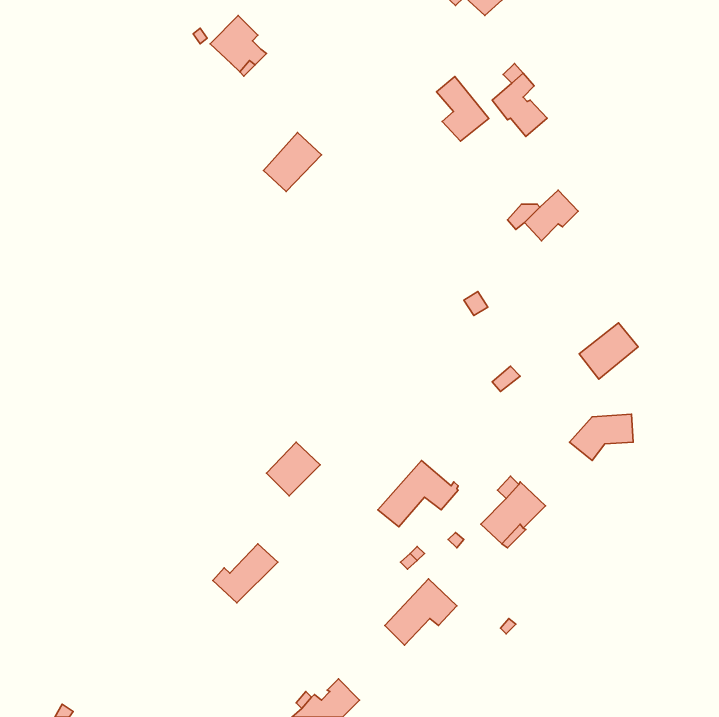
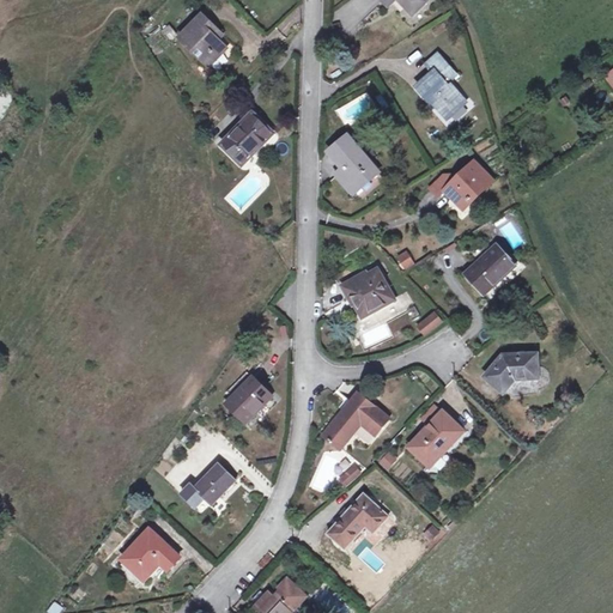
building: [437,76,489,141] -> [332,135,376,190]
building: none -> [340,267,394,316]
building: [579,323,638,379] -> [463,244,514,292]
building: none -> [123,529,178,577]

